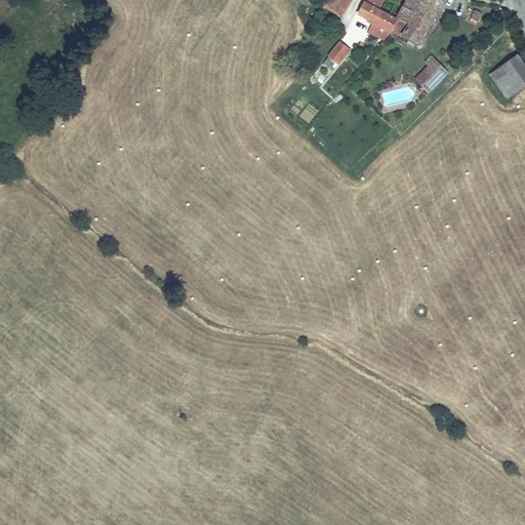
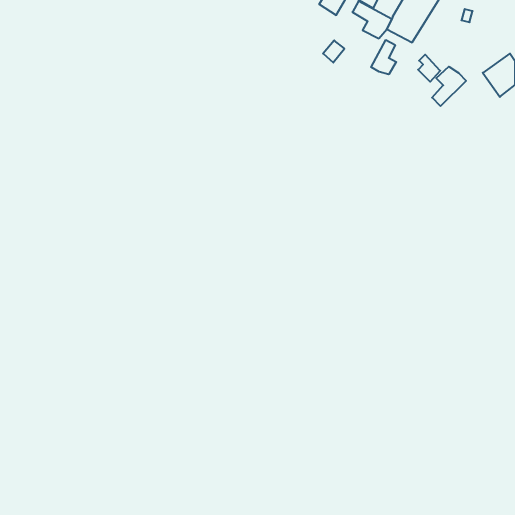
building: none -> [371,40,396,74]
building: none -> [432,67,466,106]

